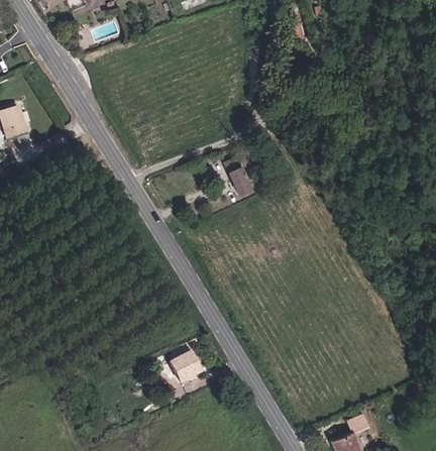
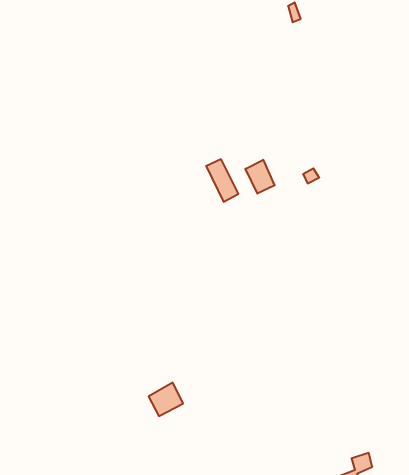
building: none -> [245,160,275,194]

